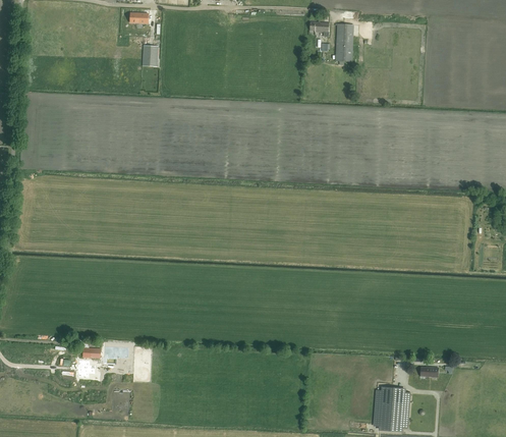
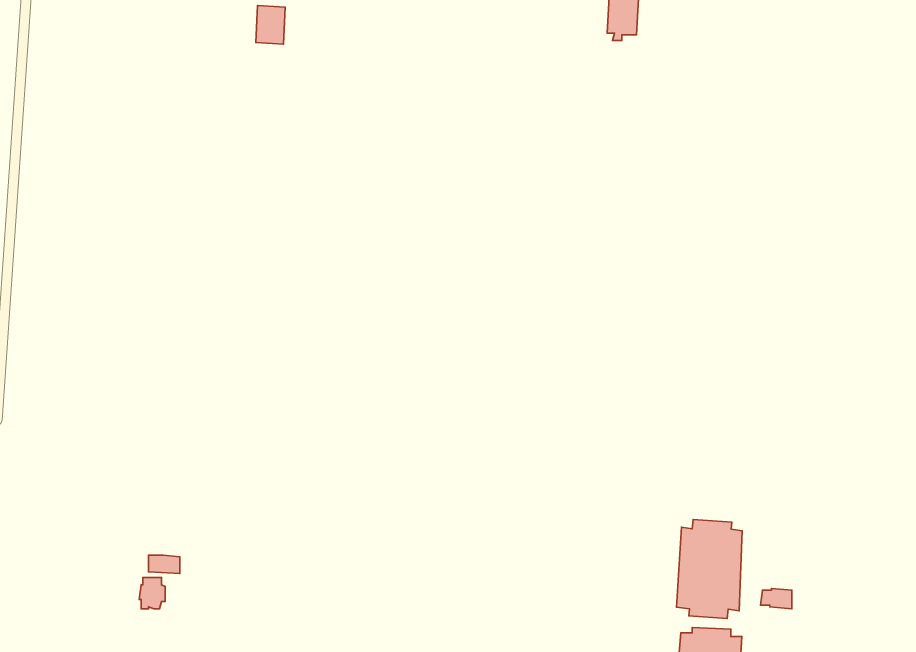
building: none -> [677,519,742,619]

